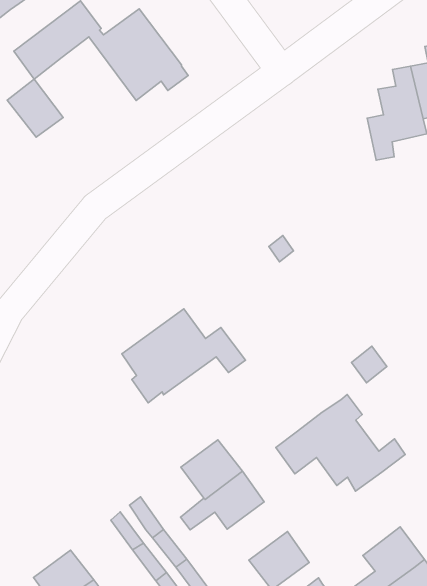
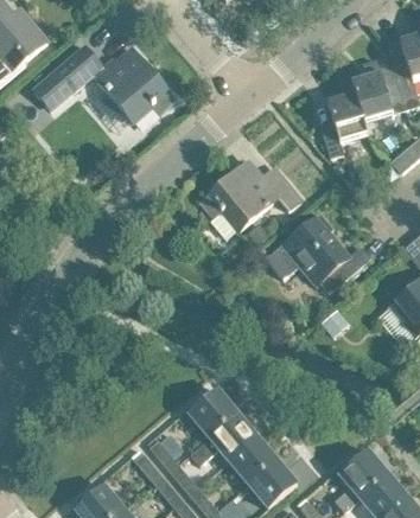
building: [7,79,63,137] -> none
building: [122,309,245,403] -> [202,160,301,237]
building: [276,394,405,491] -> [266,211,370,288]
building: none -> [229,436,278,484]

